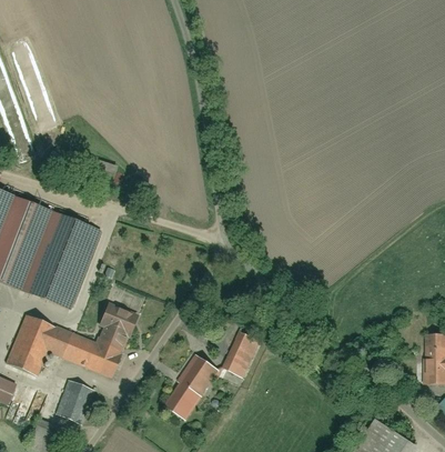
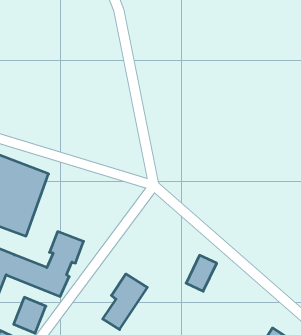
building: [222,332,260,376] -> [186,255,217,291]

